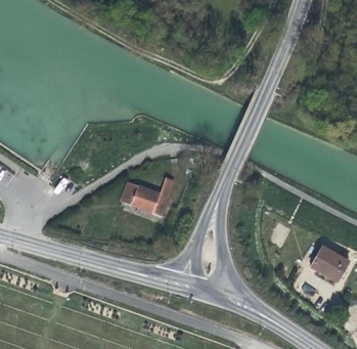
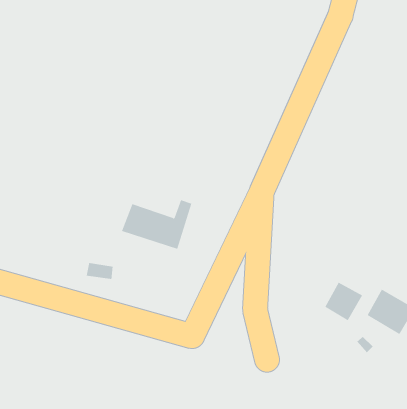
building: none -> [325,282,363,321]

